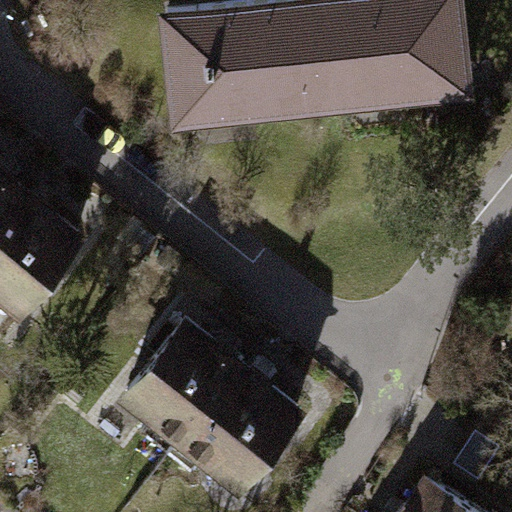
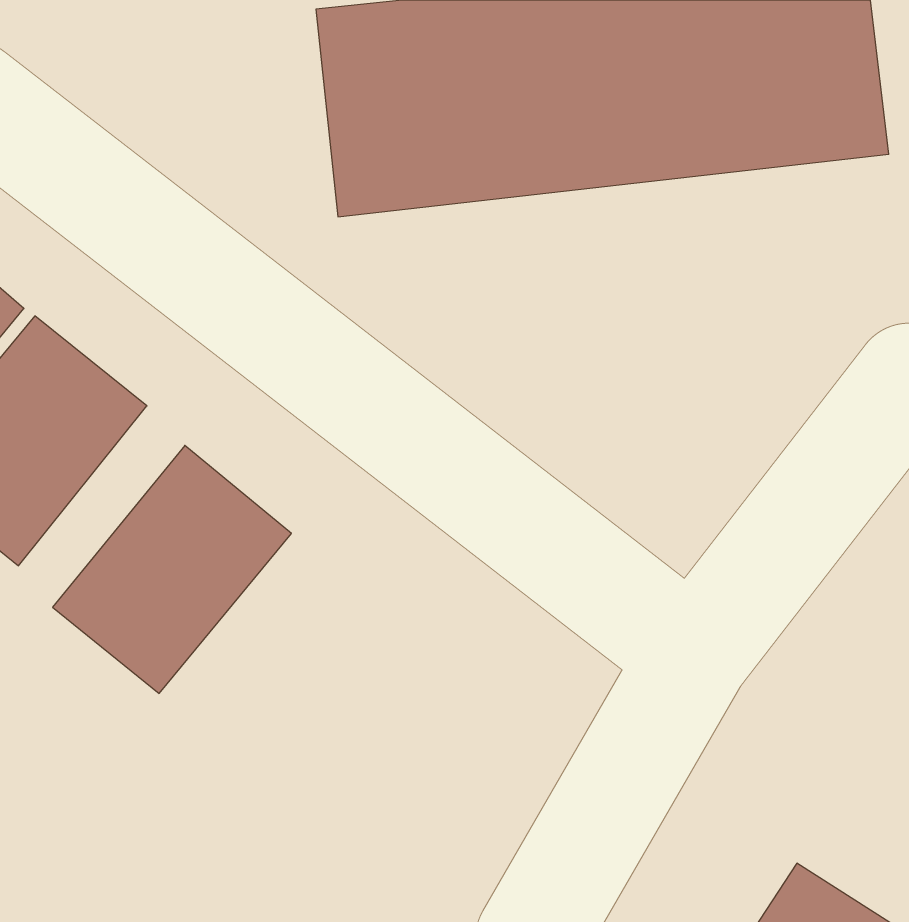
building: [119,316,249,451] -> [53,445,291,693]
building: [184,367,316,504] -> none

